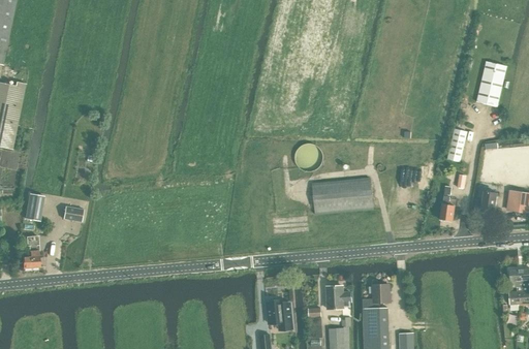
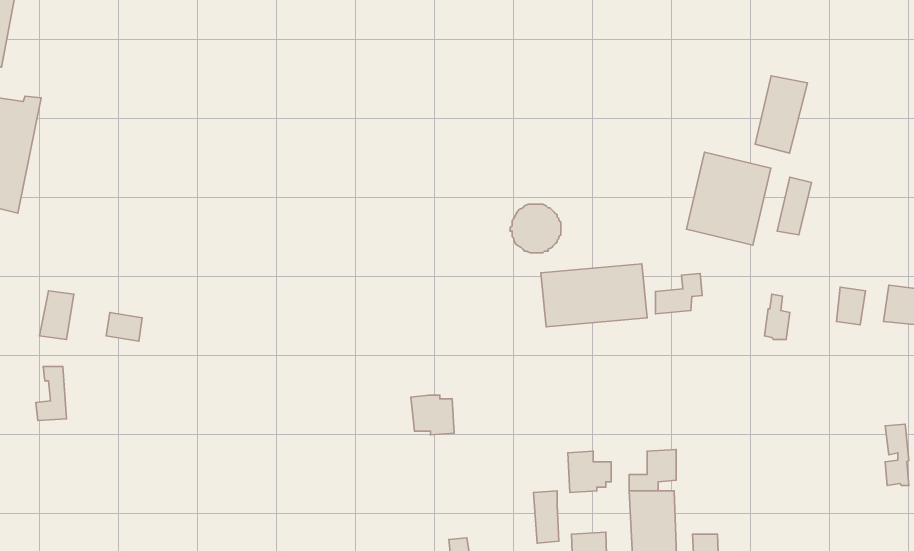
building: [476,61,506,105] -> [755,76,807,153]
building: none -> [687,152,771,245]
building: none -> [655,273,702,314]
building: [267,300,291,323] -> [411,395,454,435]

